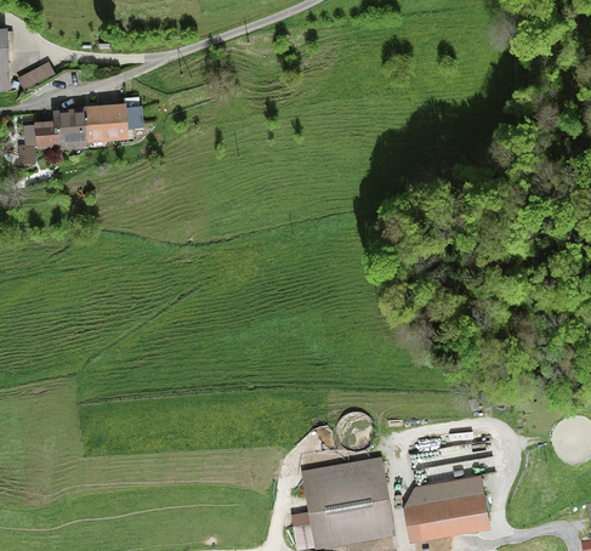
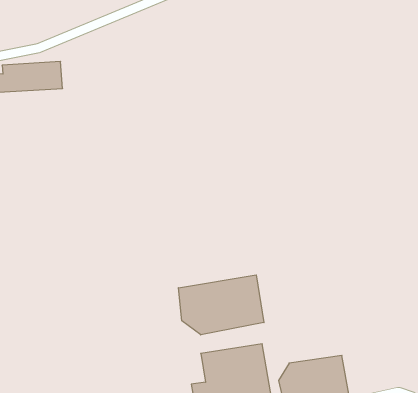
building: none -> [178,275,264,335]

